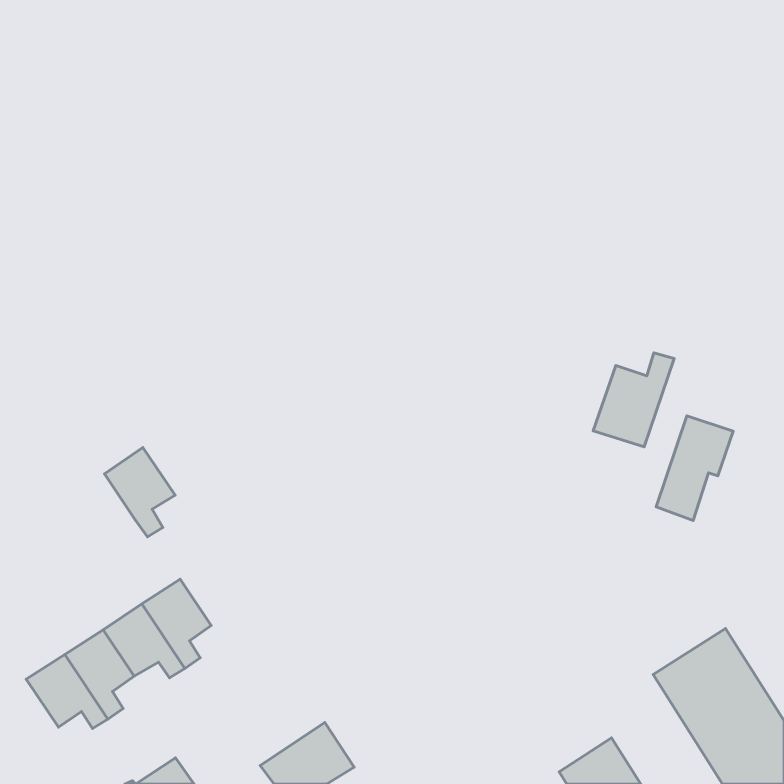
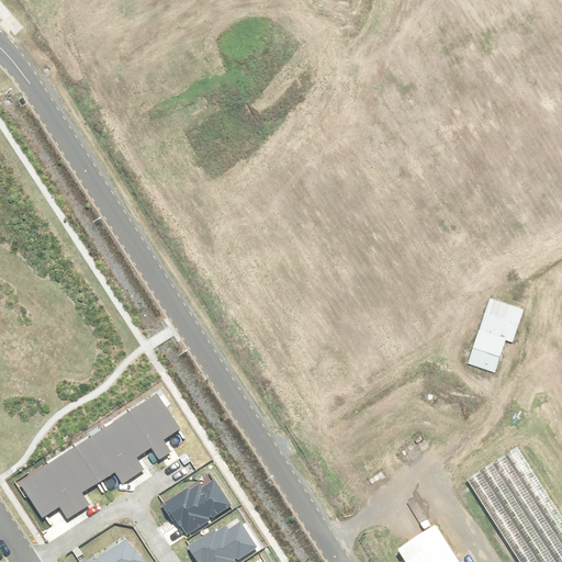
building: [593,353,674,447] -> none
building: [104,448,175,537] -> [128,394,179,458]
building: none -> [162,482,228,537]

